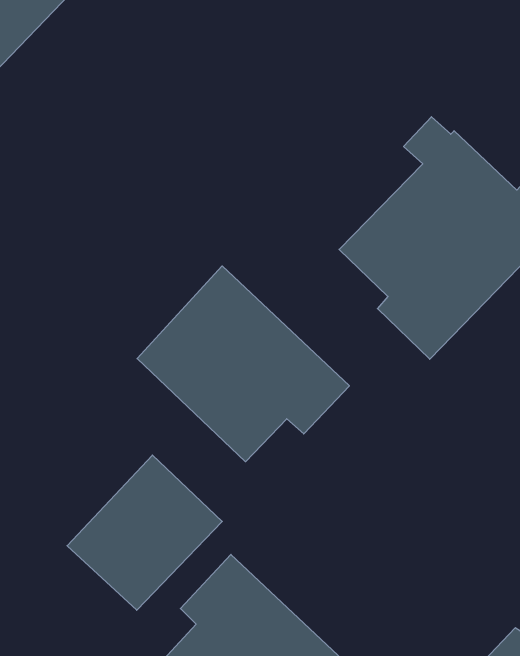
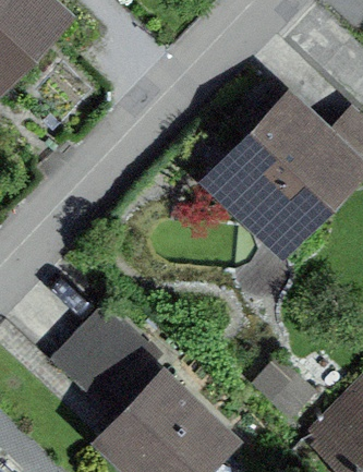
building: [137,266,349,462] -> none

